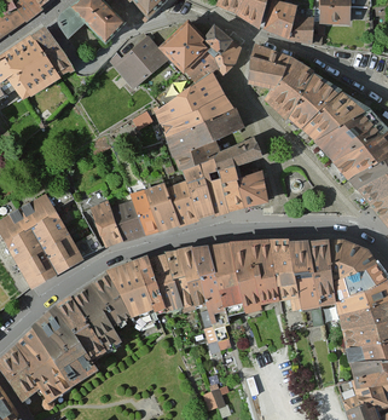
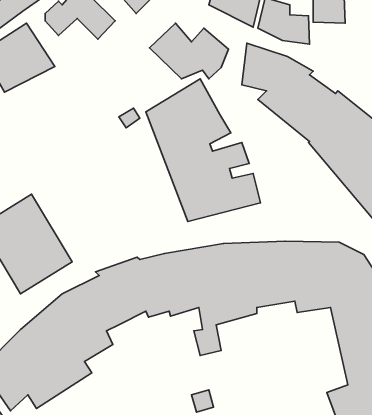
building: [109,38,167,91] -> none
building: [91,184,195,252] -> none

